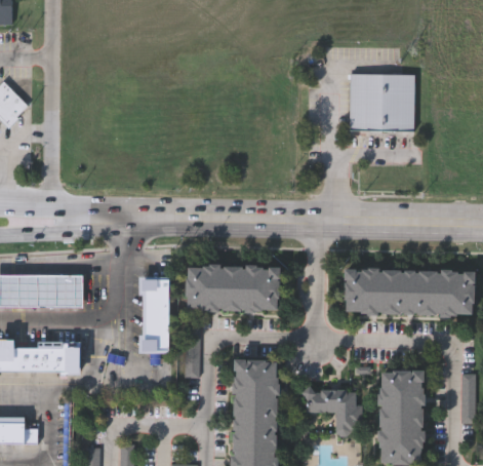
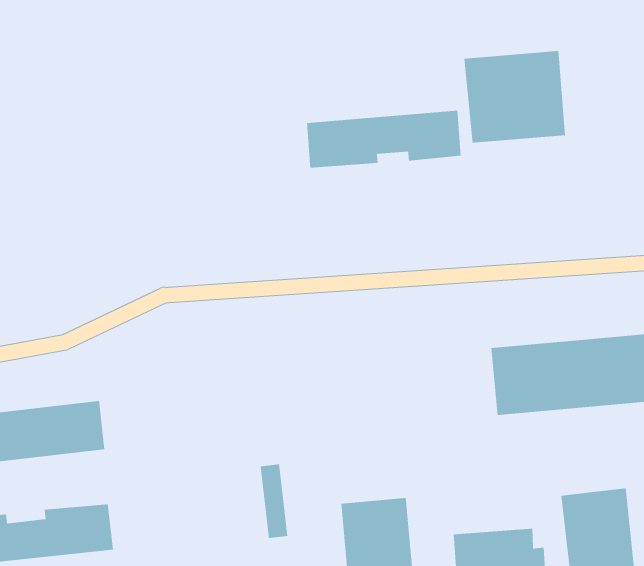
building: none -> [307,110,461,168]
building: [188,265,280,310] -> none
building: [140,276,171,351] -> none

